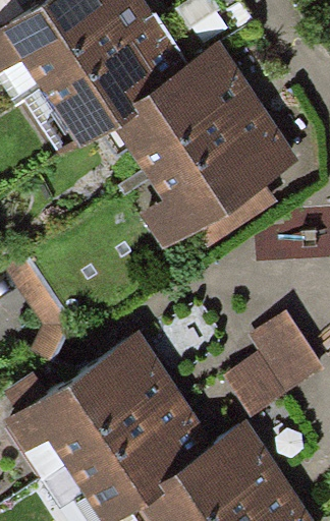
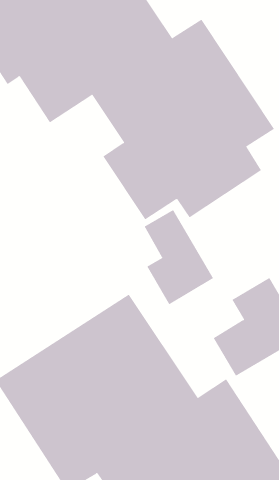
building: none -> [144,209,214,305]

